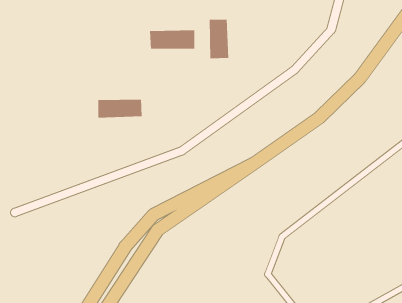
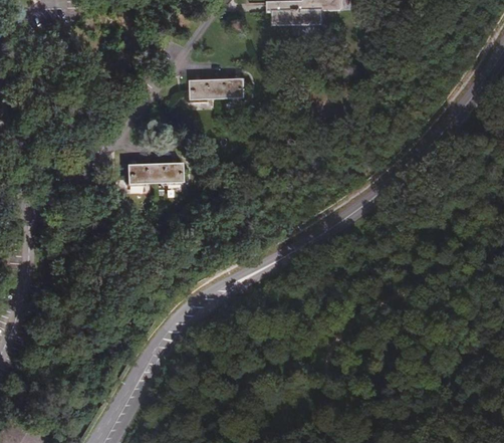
building: [209,19,229,59] -> none

